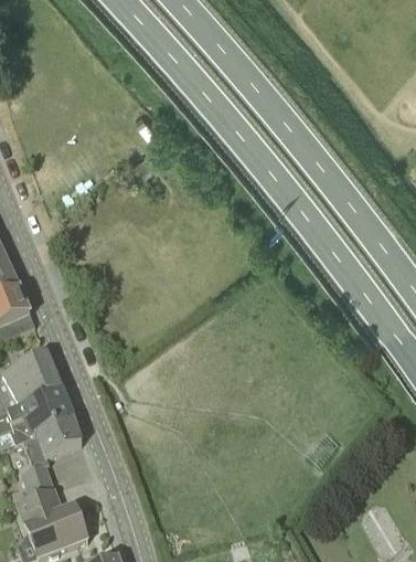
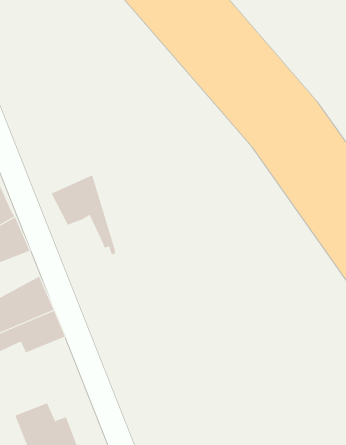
building: none -> [51,175,116,255]
building: [20,416,82,491] -> none

